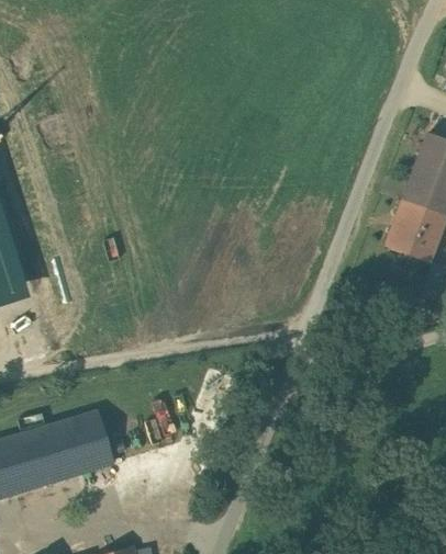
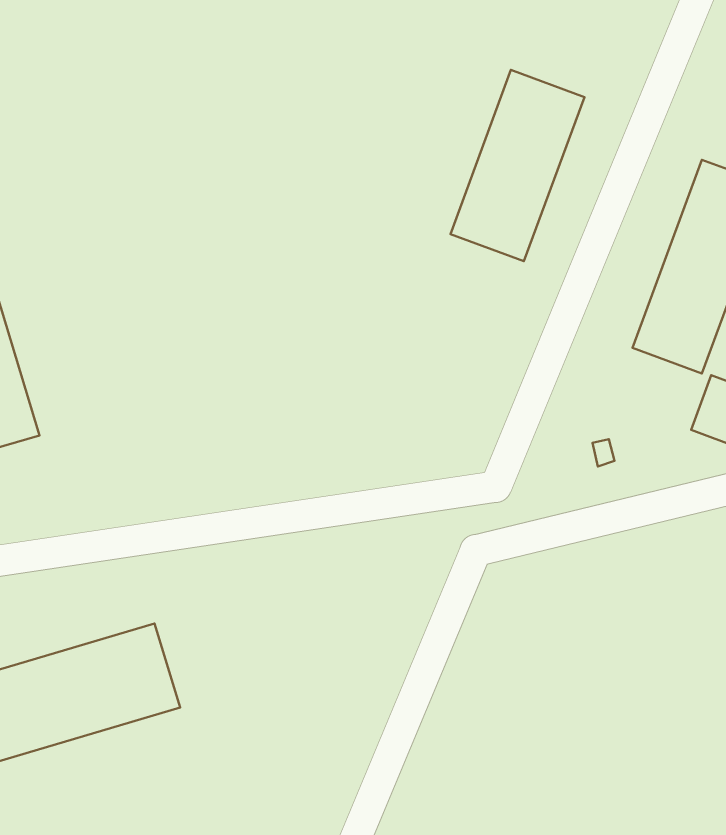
building: none -> [450,70,584,261]

